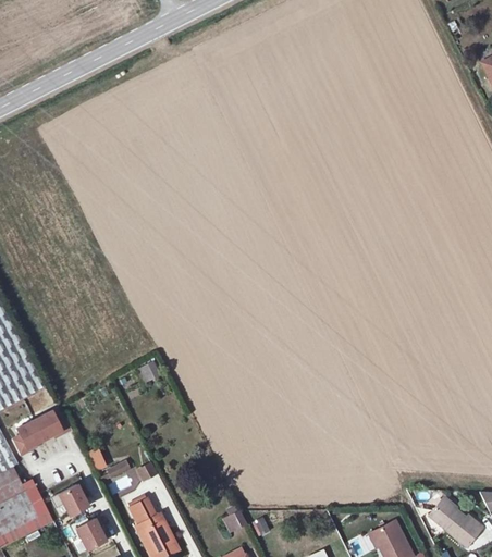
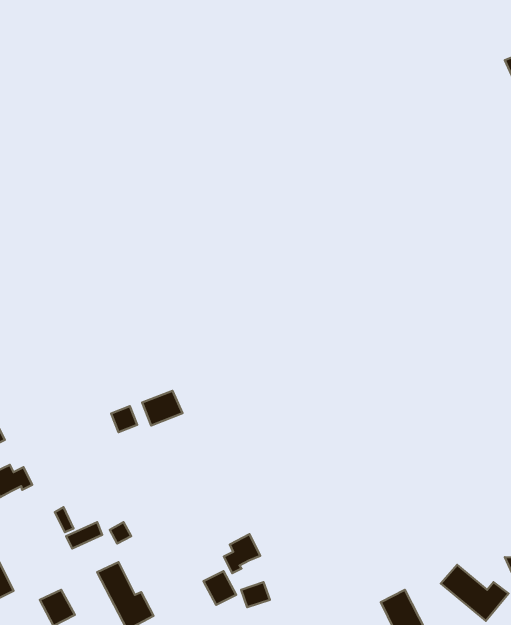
building: none -> [142,391,183,426]
building: none -> [224,534,260,573]
building: [60,485,90,517] -> none

